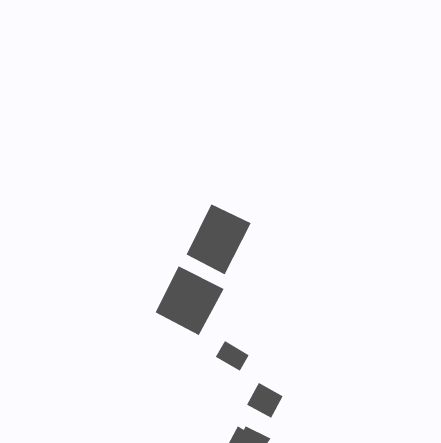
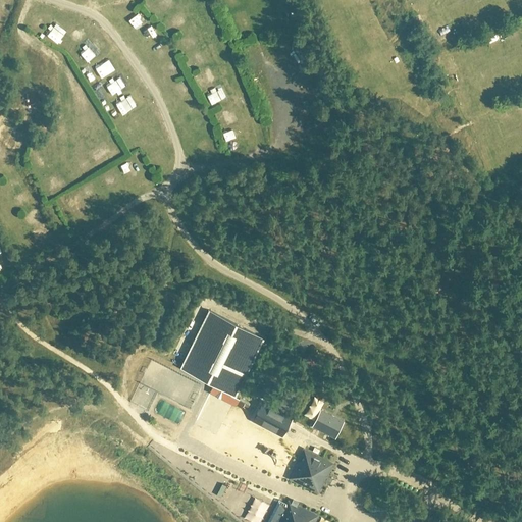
building: [186,204,252,275] -> none
building: none -> [311,409,343,436]

